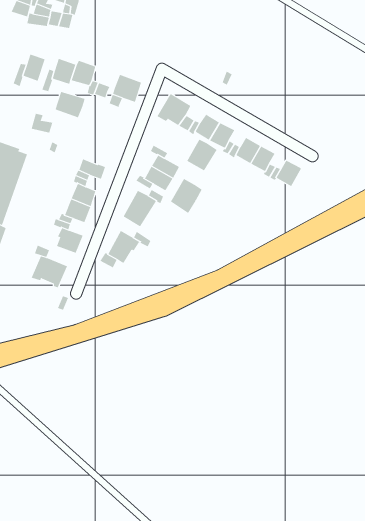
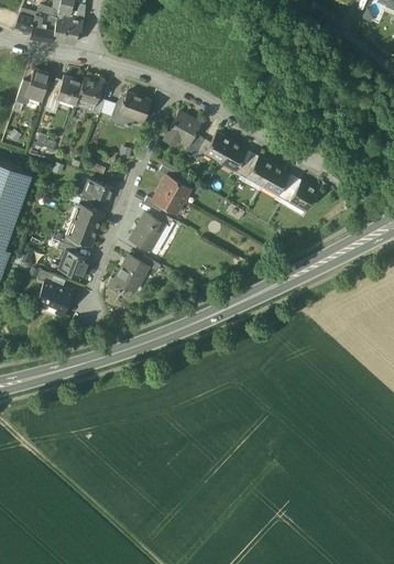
building: [55,91,85,118] -> none
building: [186,139,218,171] -> none
building: [170,178,202,214] -> none

